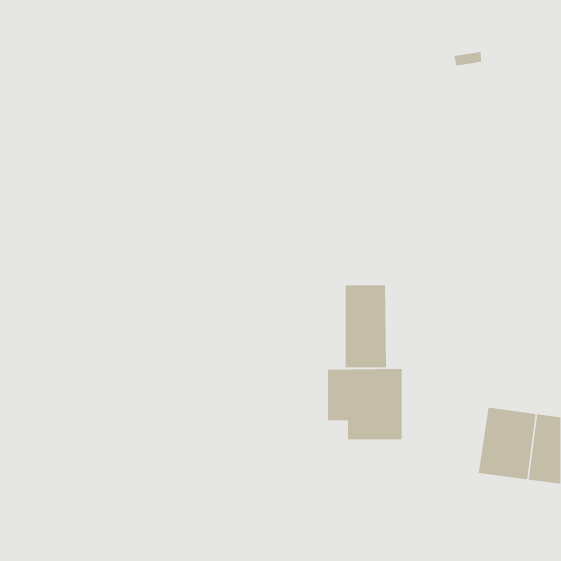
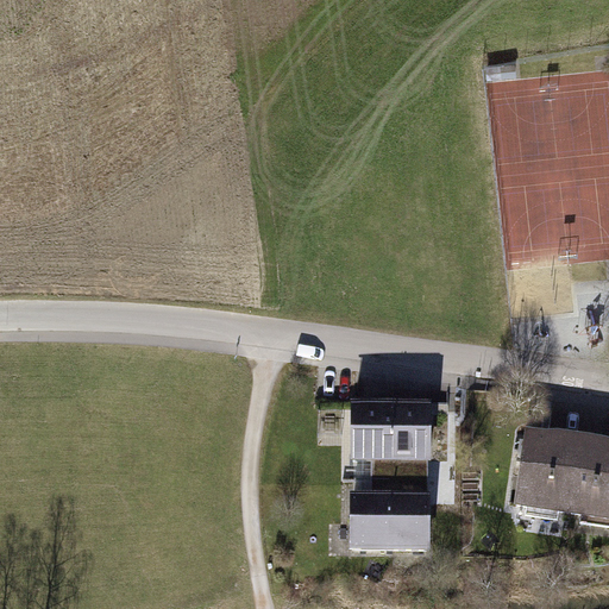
building: [345,284,387,368] -> none
building: none -> [351,472,432,545]

